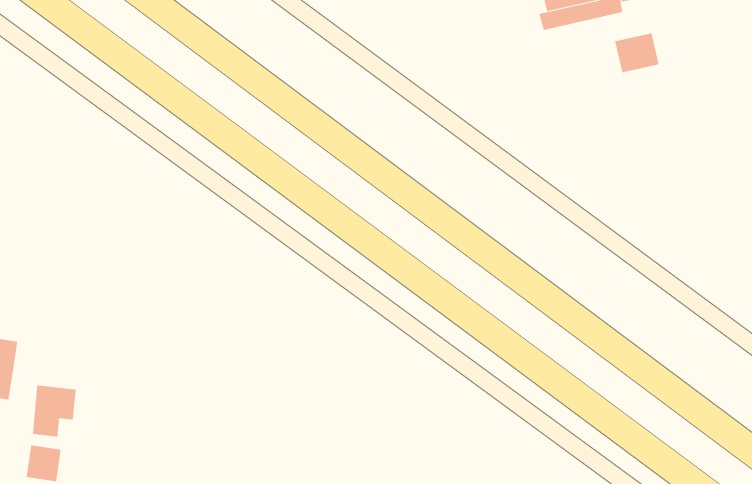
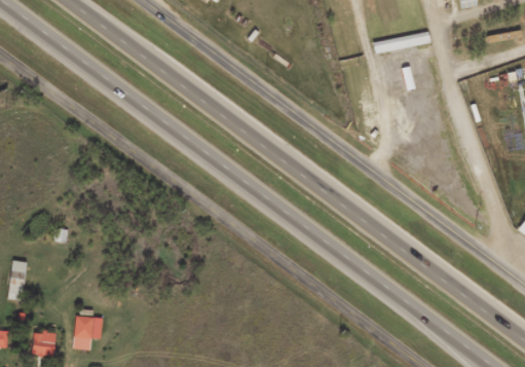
building: [614,33,659,73] -> none
building: [32,385,77,437] -> [74,315,104,350]

